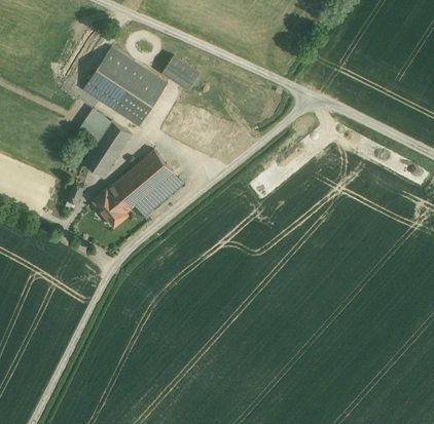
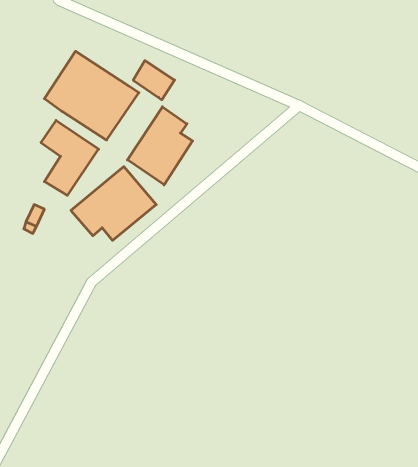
building: none -> [127,107,193,185]
building: [92,188,128,226] -> none

